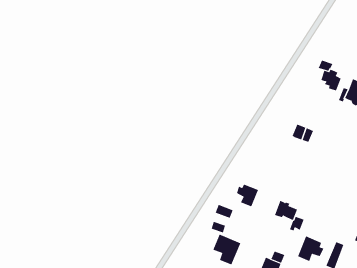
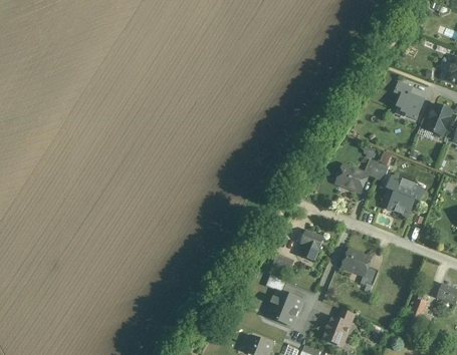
building: none -> [337,164,366,191]
building: none -> [387,175,423,215]
building: [296,236,324,262] -> none

